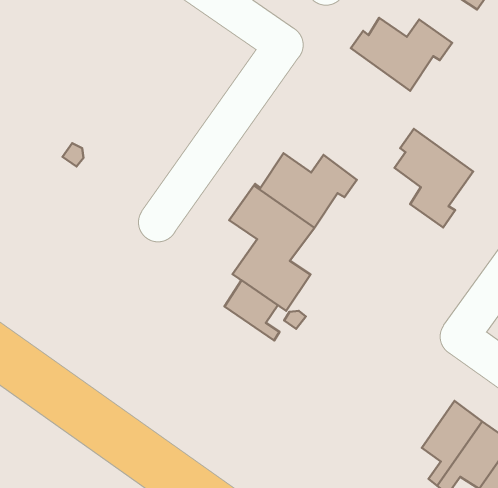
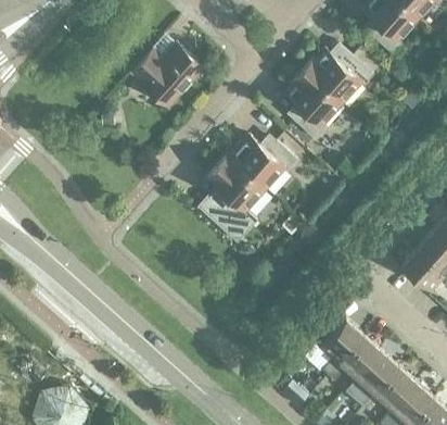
building: none -> [132,45,202,105]
building: [395,129,473,227] -> [286,70,340,139]
building: [224,280,279,340] -> none

